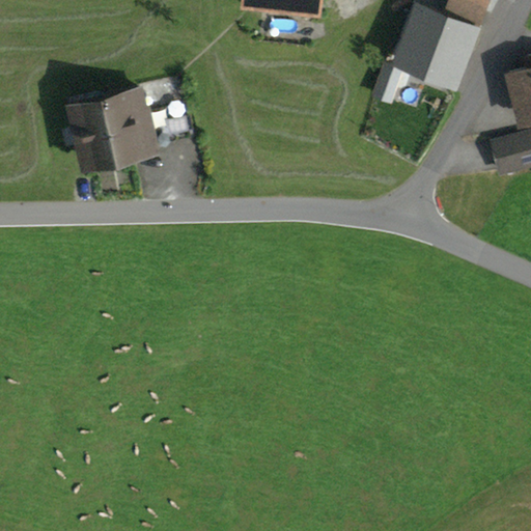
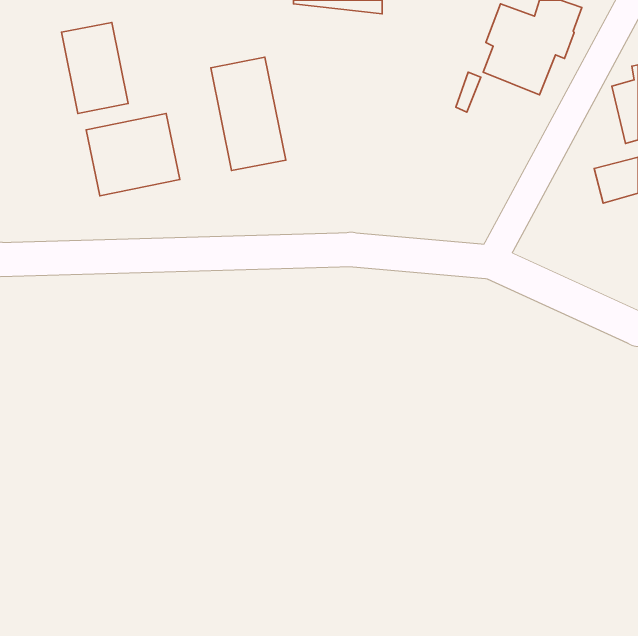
building: none -> [61,22,128,113]
building: none -> [211,57,286,171]

